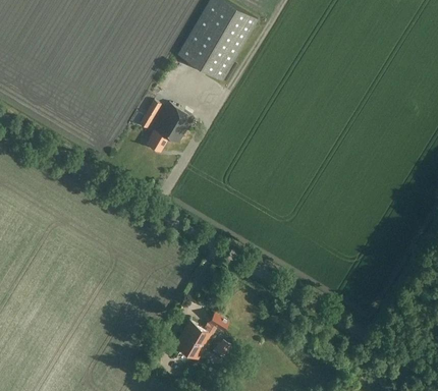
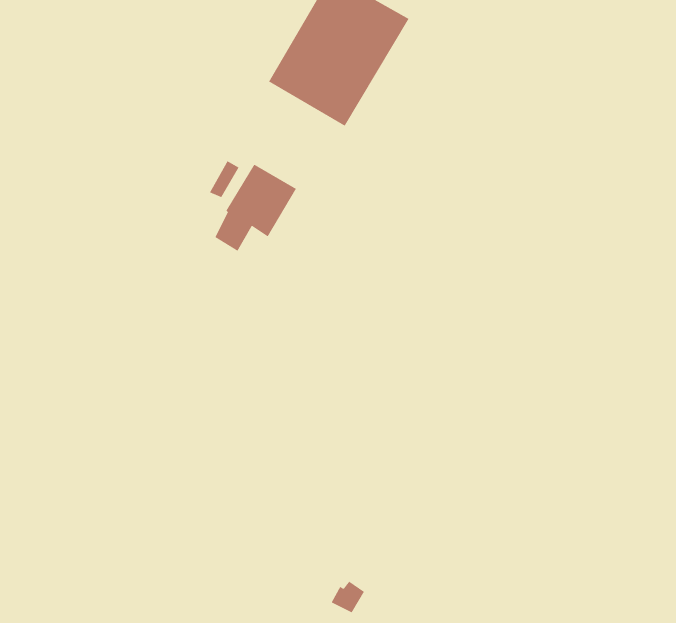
building: [171,313,226,359] -> none

